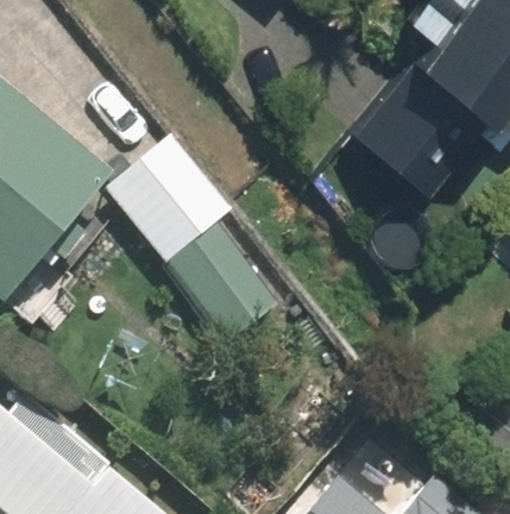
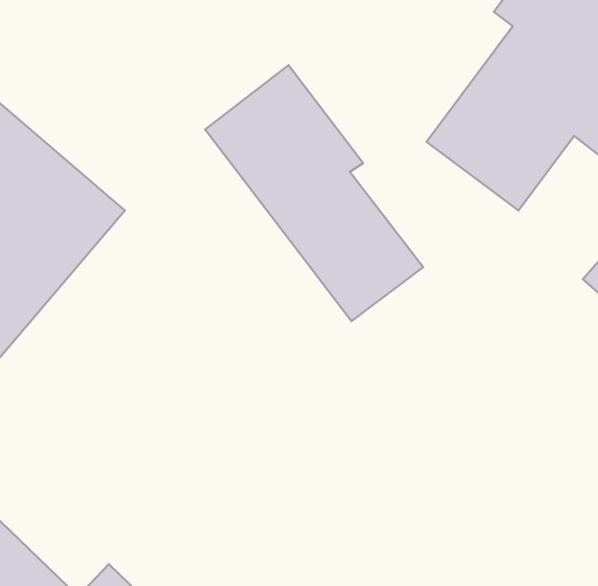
building: [107,132,284,340] -> [205,65,423,321]

